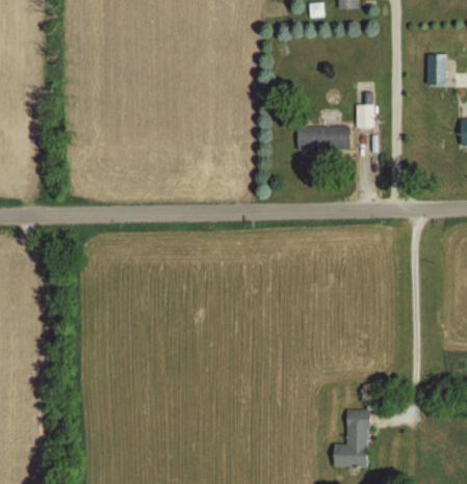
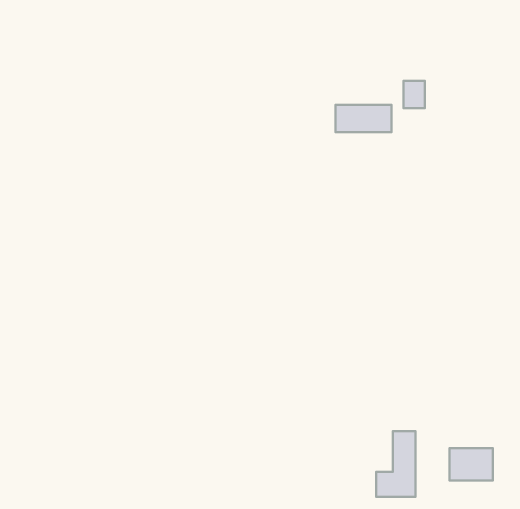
building: [427,54,446,85] -> none
building: none -> [449,448,493,480]

